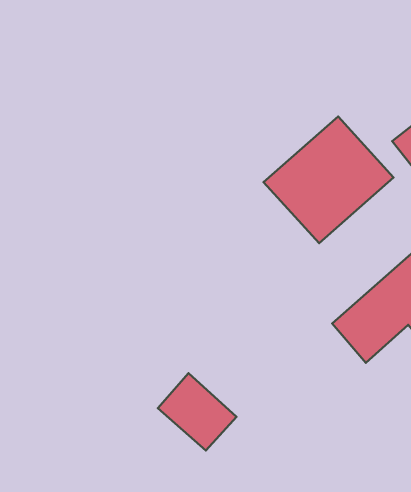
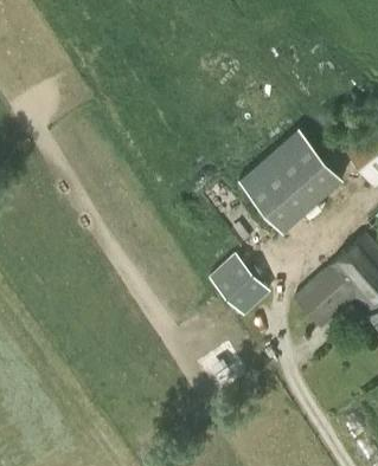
building: [158,373,237,450] -> [209,252,273,315]

